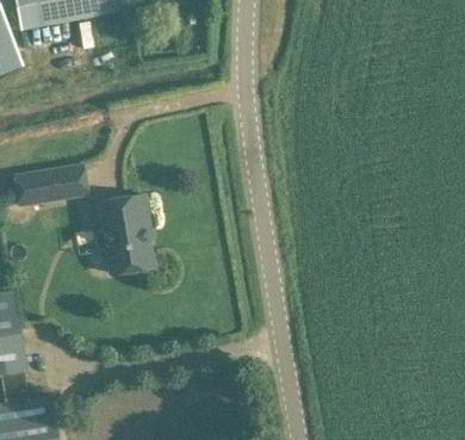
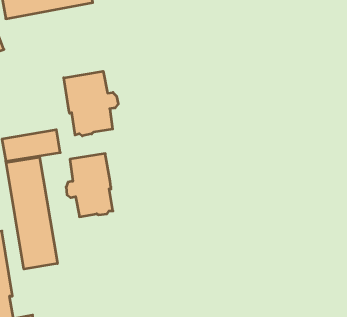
building: none -> [64,71,118,136]
building: none -> [6,157,57,269]

